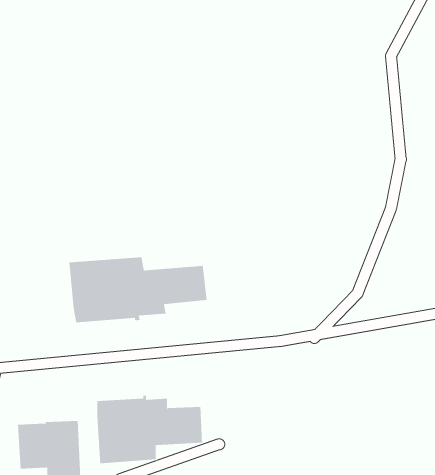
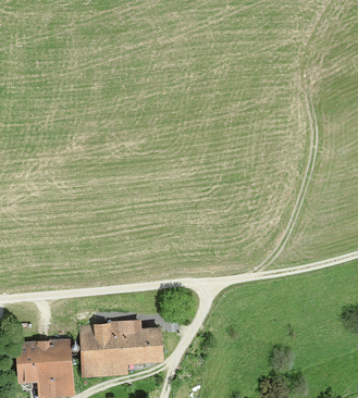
building: [69,256,207,323] -> none

